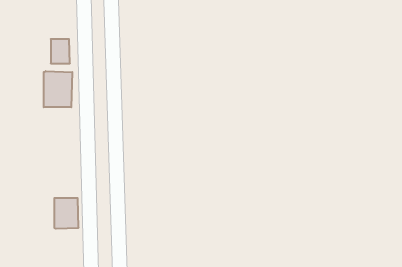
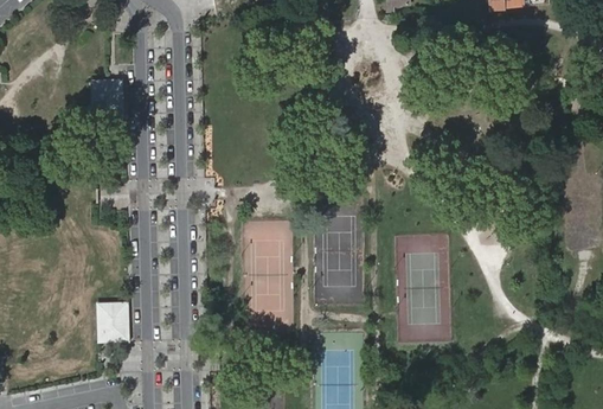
building: [44,71,72,107] -> none

